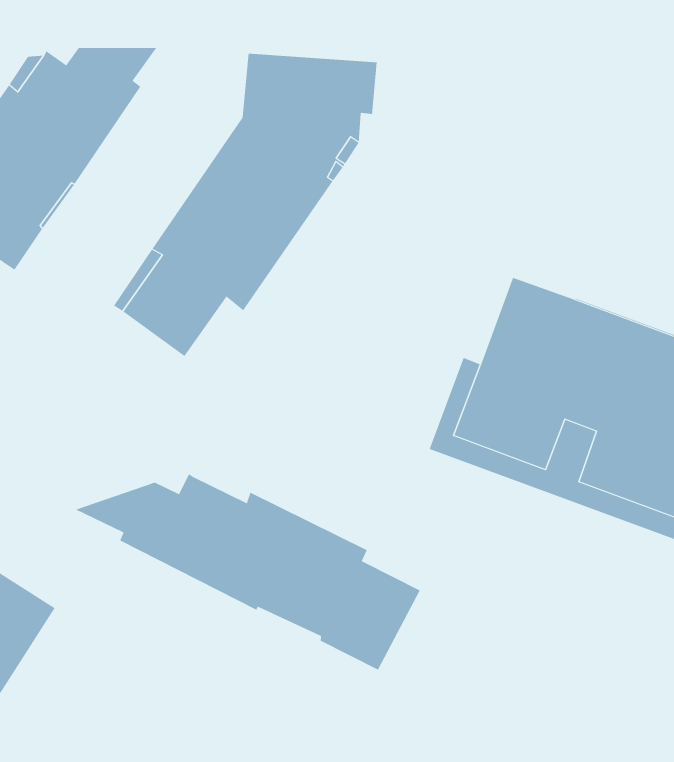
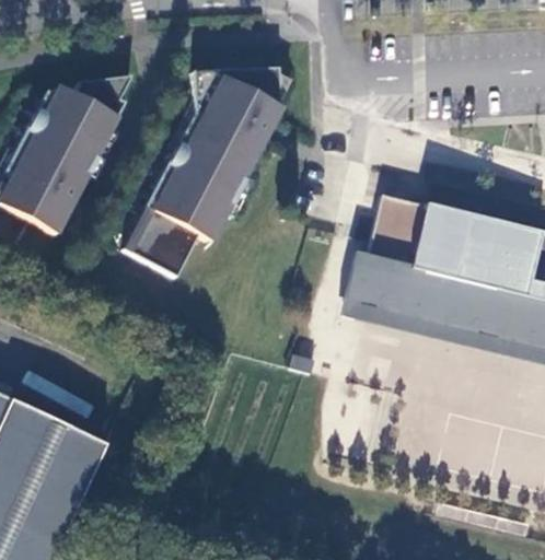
building: [75,473,421,670] -> none

